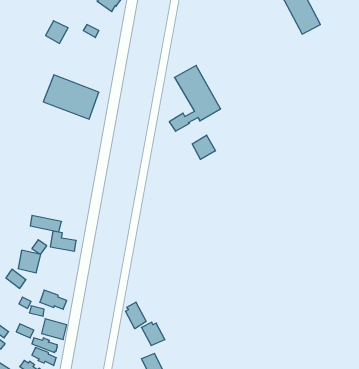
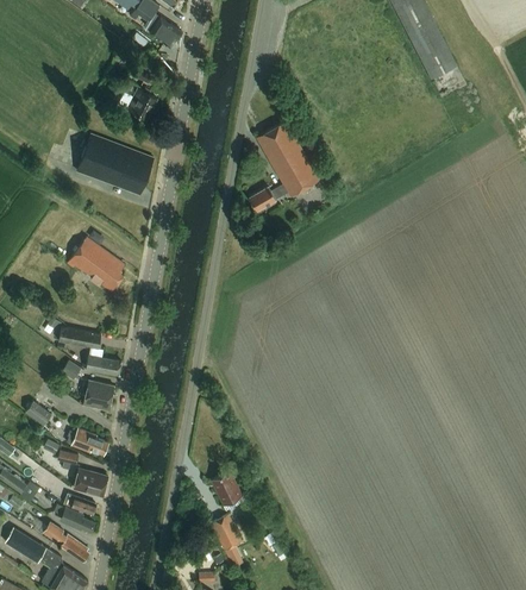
building: [46,21,68,43] -> [126,89,157,120]
building: [192,135,215,159] -> none
building: none -> [67,237,125,293]
building: [18,250,41,273] -> [83,381,114,412]
building: [126,302,146,329] -> none

